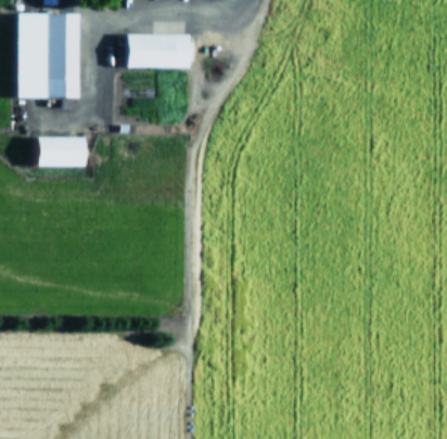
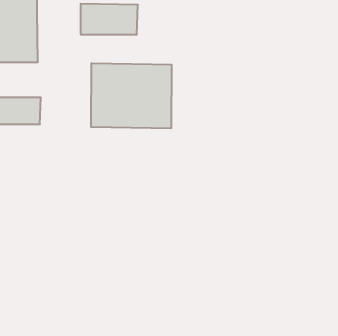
building: none -> [91,63,171,128]

